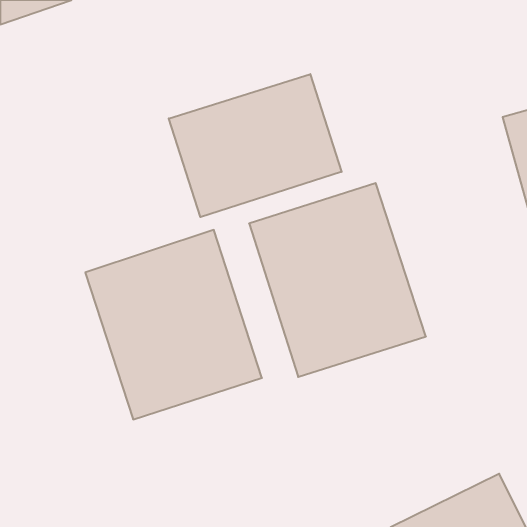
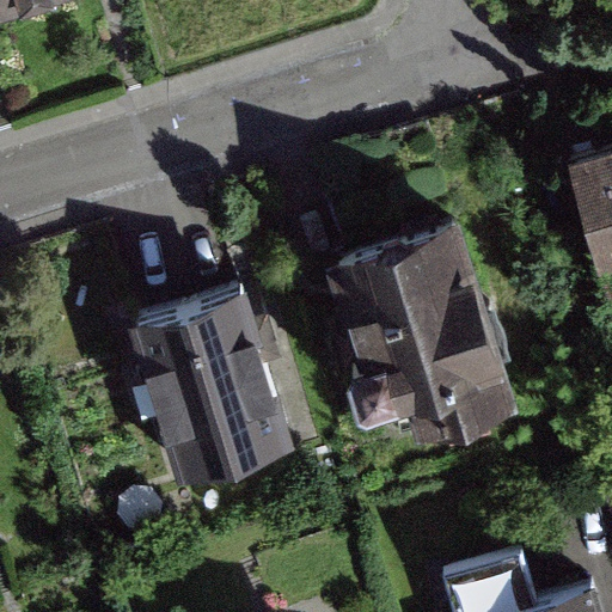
building: [169,74,342,217] -> none

